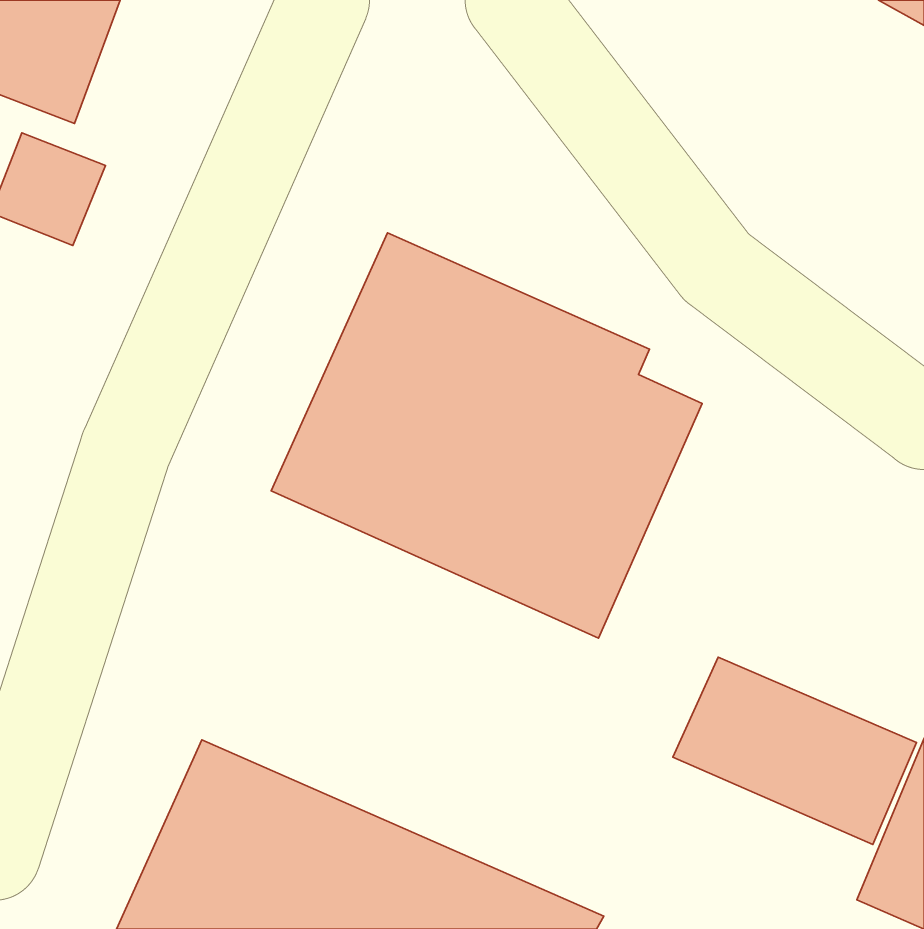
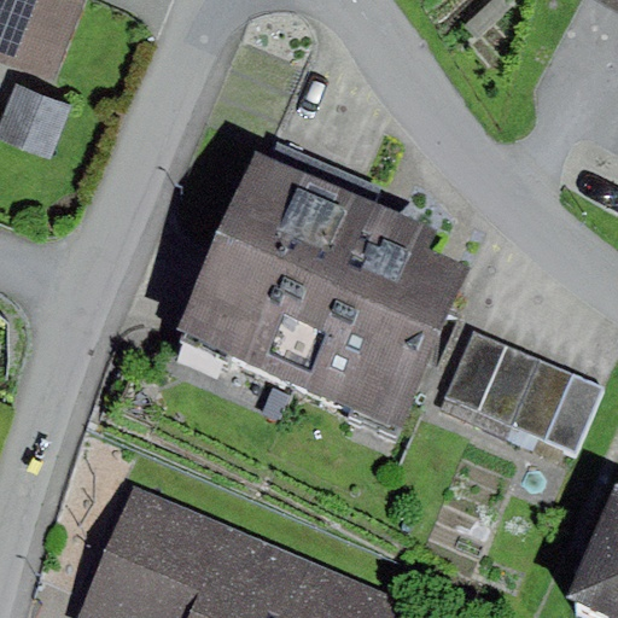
building: [673,657,917,844] -> [442,332,604,456]

